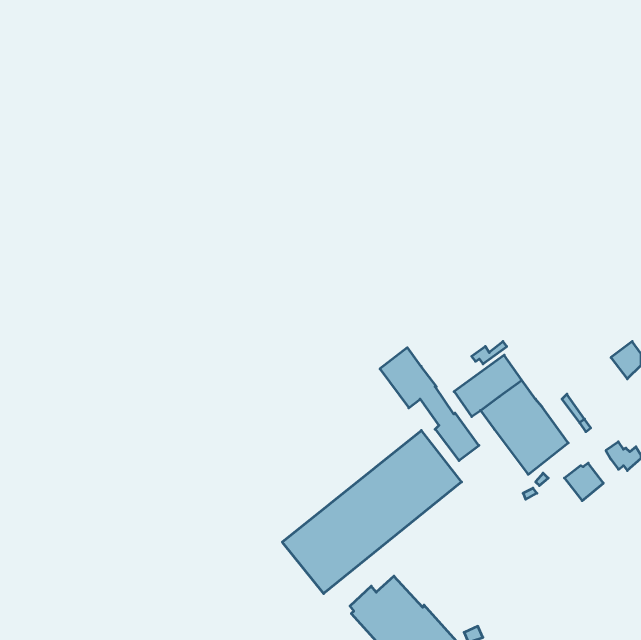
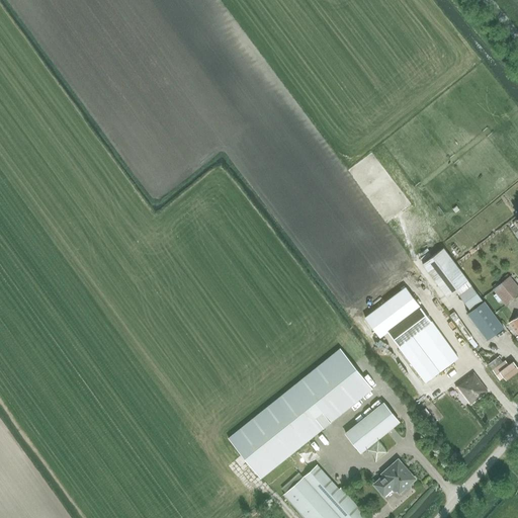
building: [380,348,479,461] -> [423,249,503,340]
building: none -> [345,406,396,453]
building: none -> [374,461,414,496]

